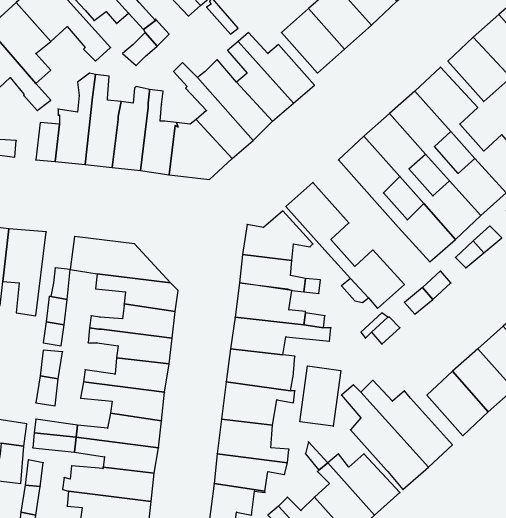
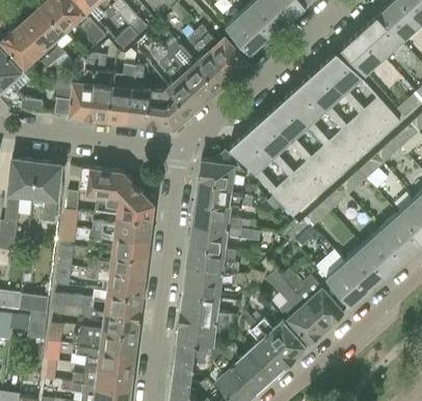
building: none -> [247,115,328,202]
building: [300,366,341,426] -> none

